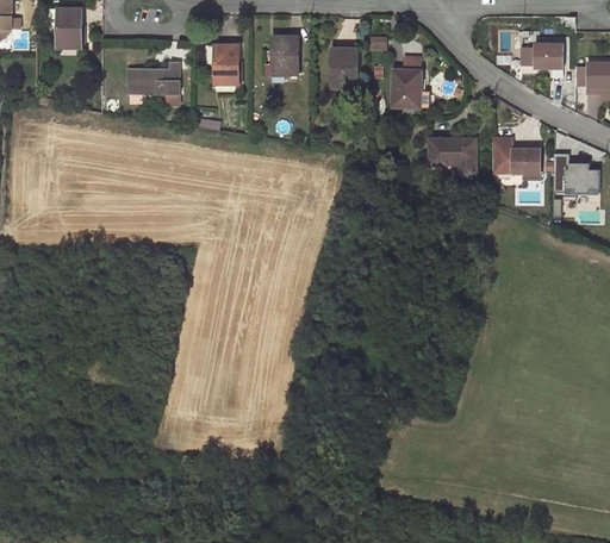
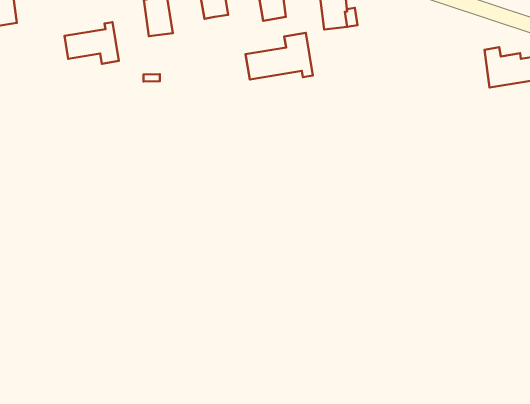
building: none -> [246,33,313,79]
building: [492,137,540,173] -> none
building: [429,139,475,175] -> none

